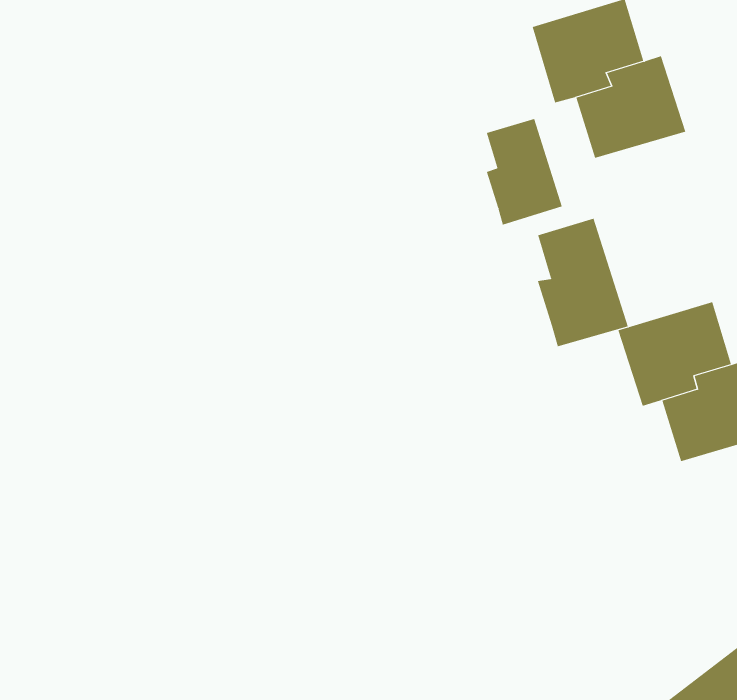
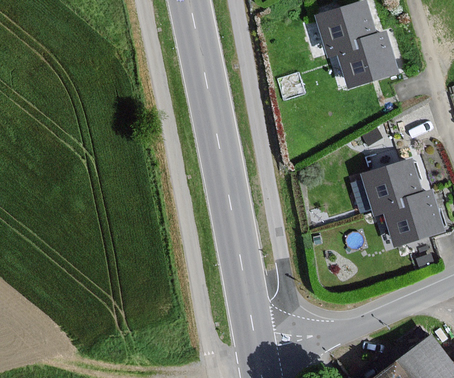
building: [486,118,563,225] -> none
building: [537,218,628,347] -> none

